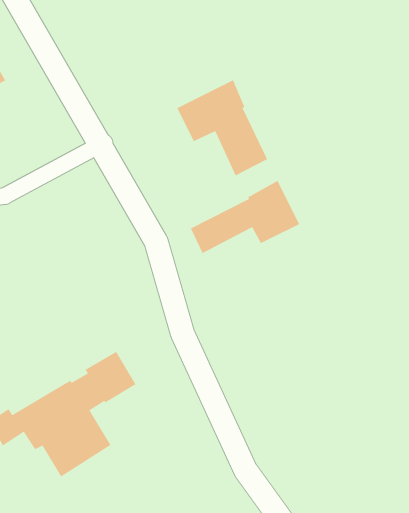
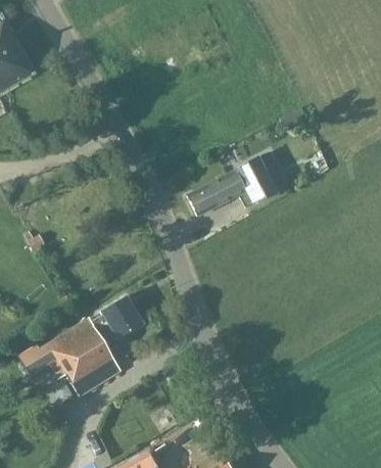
building: [176,79,268,176] -> none

